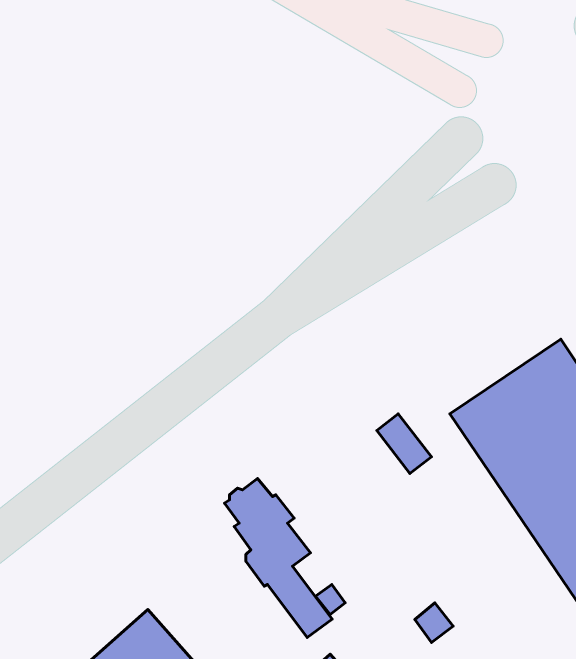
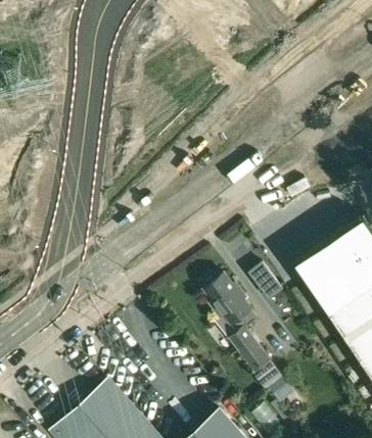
building: [224,478,332,638] -> [202,274,269,372]

